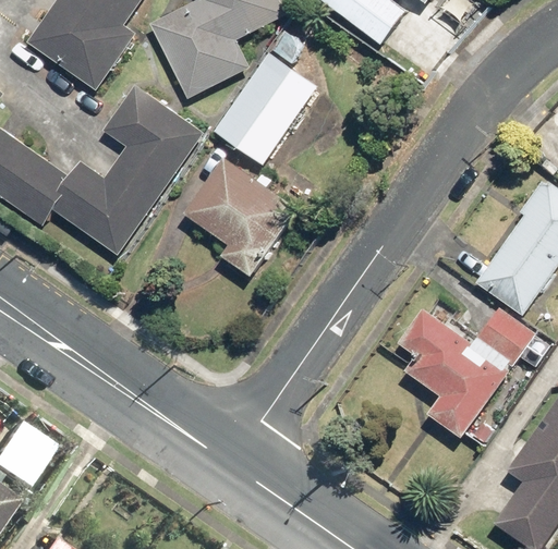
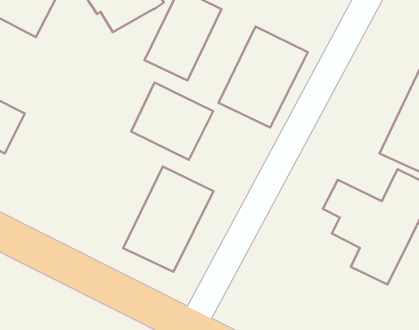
building: [50,86,204,255] -> none
building: none -> [218,27,308,128]
building: none -> [123,166,213,272]

